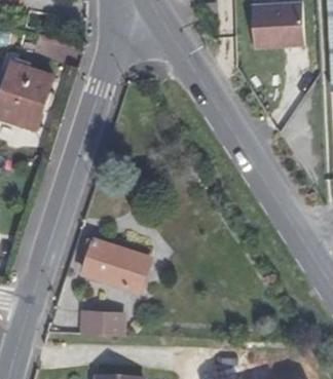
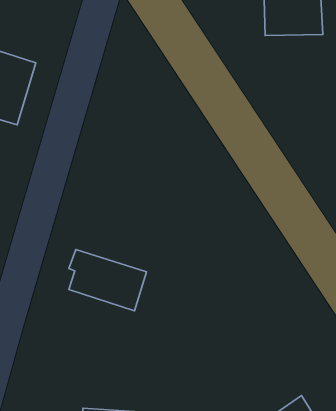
building: [80,310,124,335] -> none

